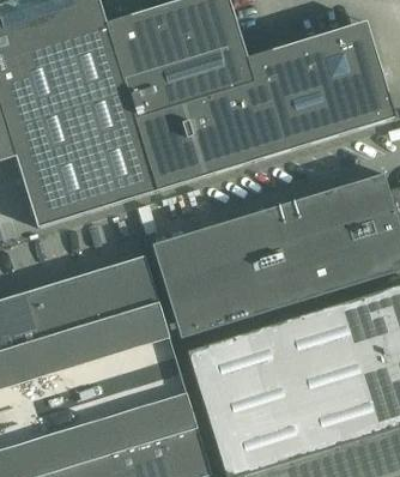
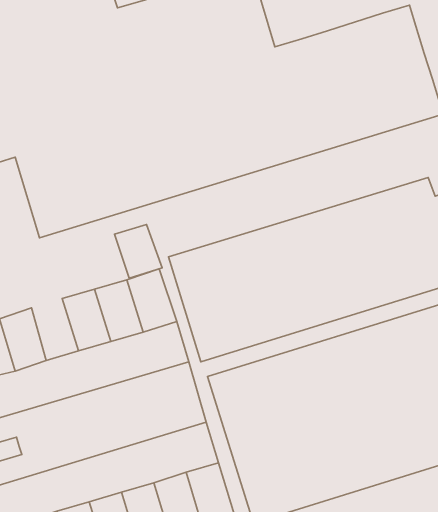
building: none -> [114,224,162,278]
building: [31,280,73,336] -> none

